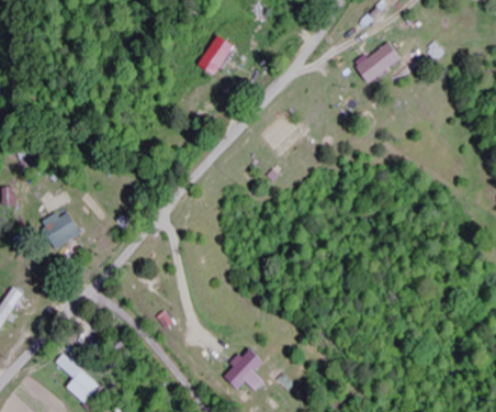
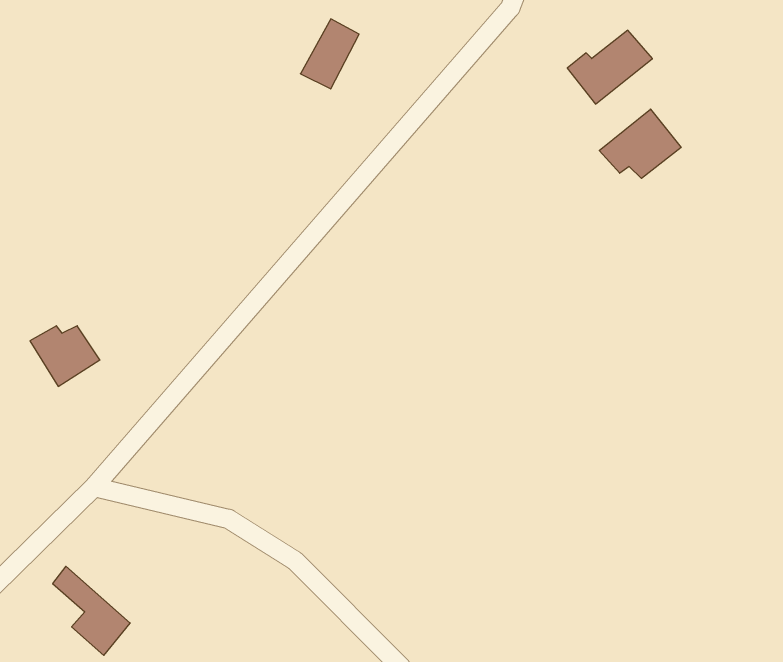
building: none -> [599,109,681,178]
building: [223,349,266,392] -> none

